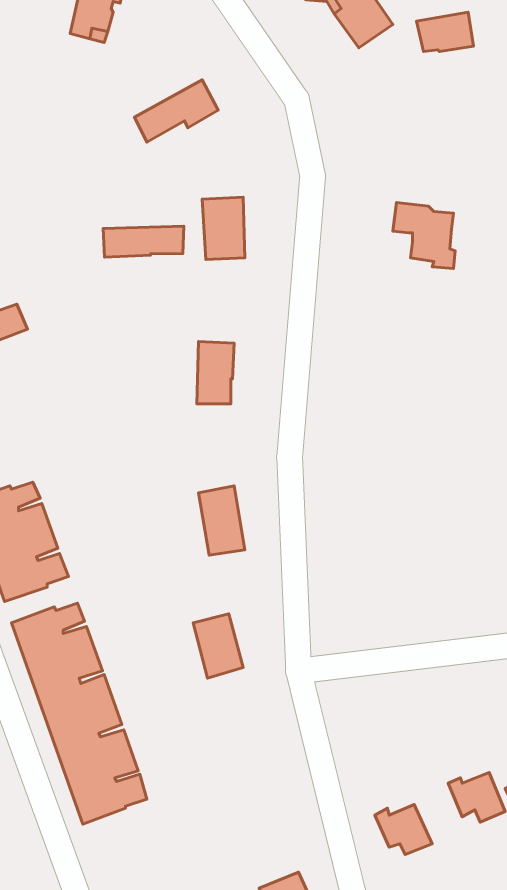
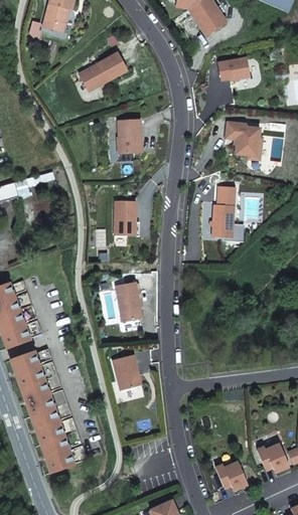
building: [416,12,473,51] -> [217,58,250,80]
building: [103,226,184,257] -> none
building: none -> [211,187,235,238]

